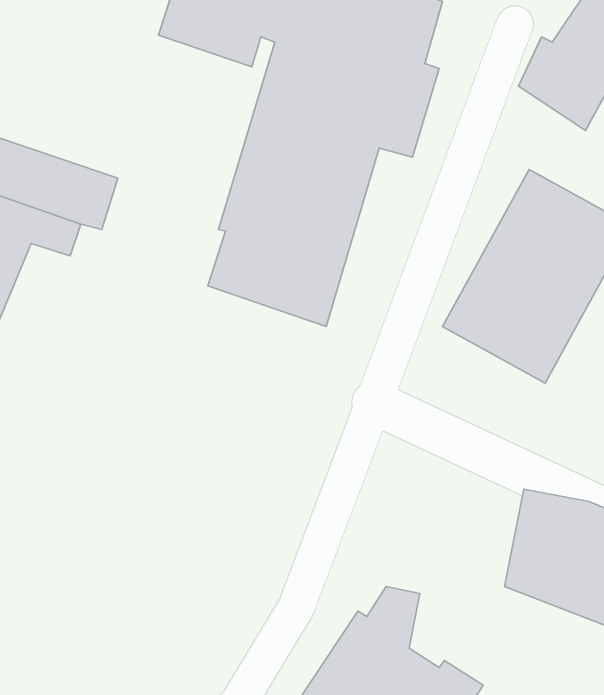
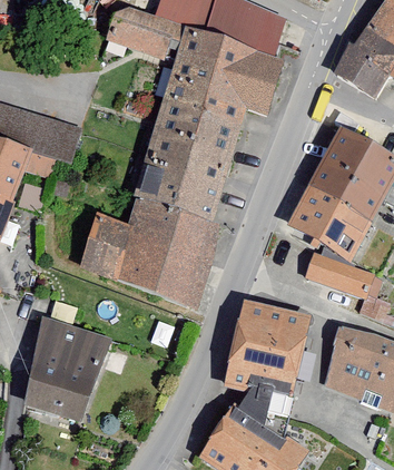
building: none -> [77,197,226,311]
building: none -> [305,251,375,298]
building: none -> [226,298,311,396]
building: none -> [28,316,112,414]

